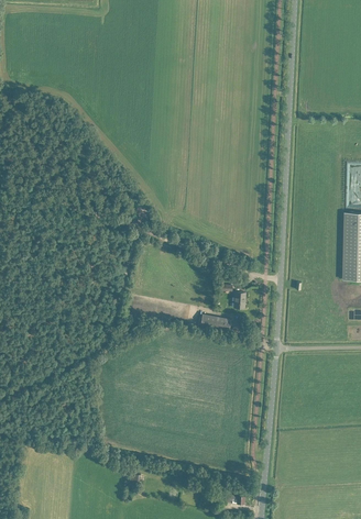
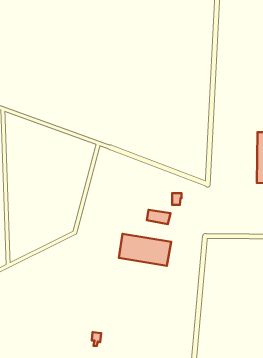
building: none -> [119,234,171,266]

